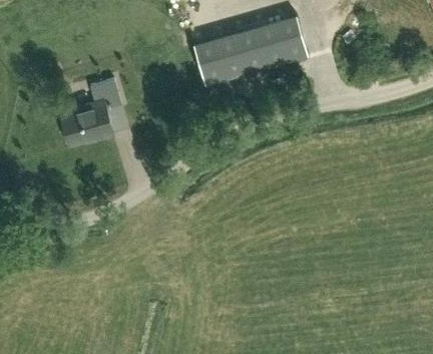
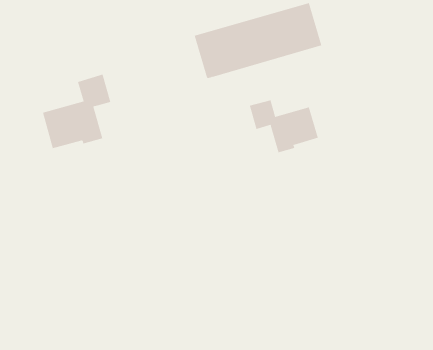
building: none -> [249,99,318,153]

